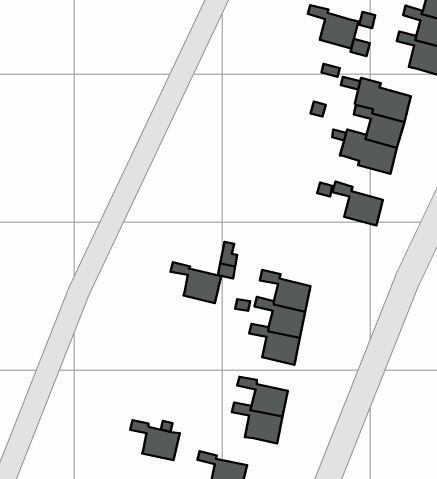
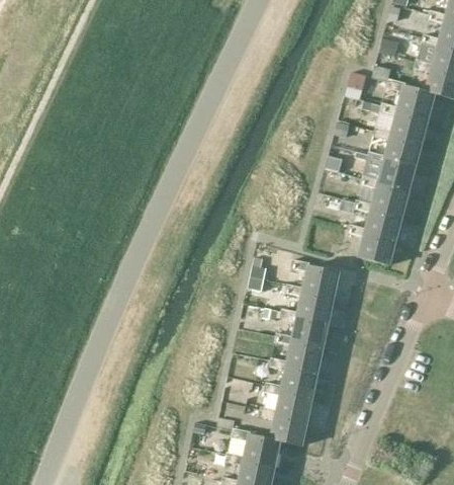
building: [308,5,359,48] -> [388,79,436,119]
building: none -> [362,175,410,217]
building: none -> [349,224,396,265]
building: [171,262,221,303] -> [293,259,341,298]
building: none -> [272,357,320,396]
building: [130,420,180,460] -> [235,428,281,466]

